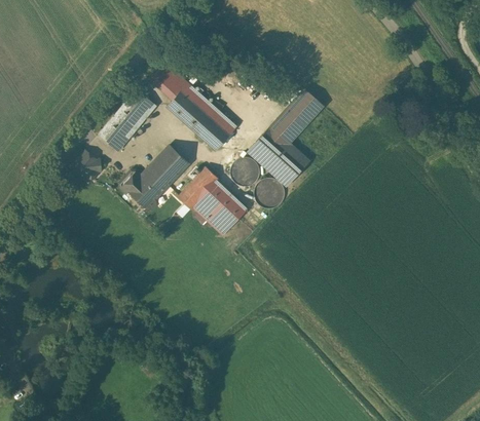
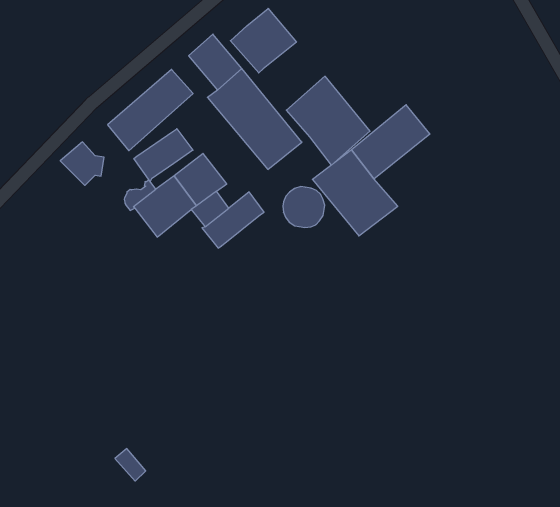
building: none -> [230,8,296,73]
building: none -> [286,76,370,165]
building: none -> [134,129,193,181]
building: [254,178,285,207] -> none
building: [192,181,247,234] -> none

